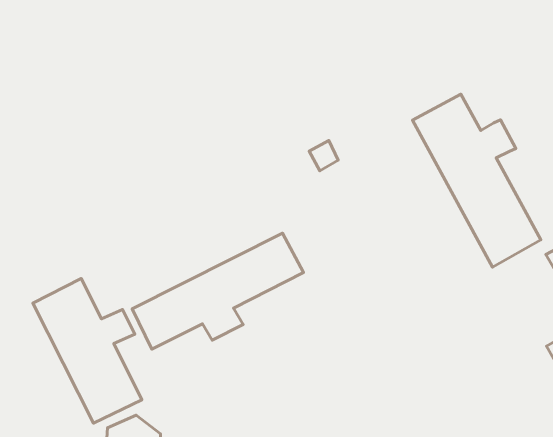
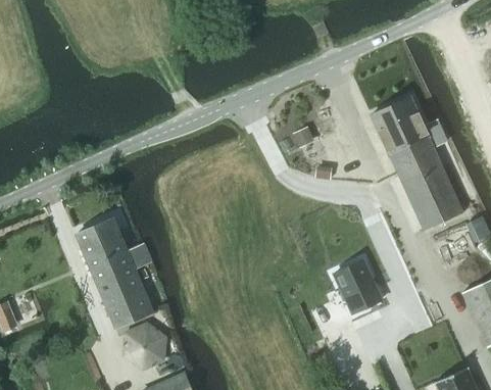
building: [132,233,303,349] -> none
building: none -> [334,259,381,312]

